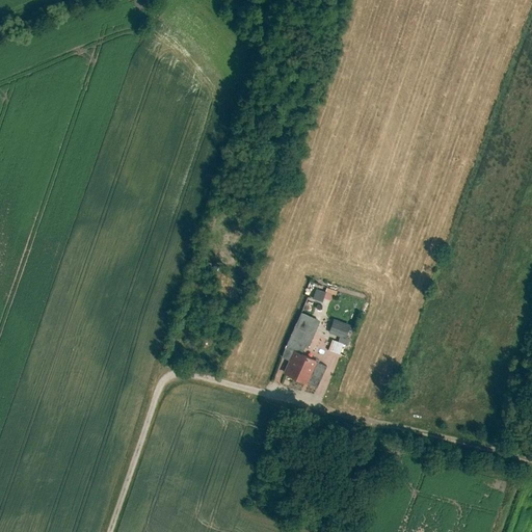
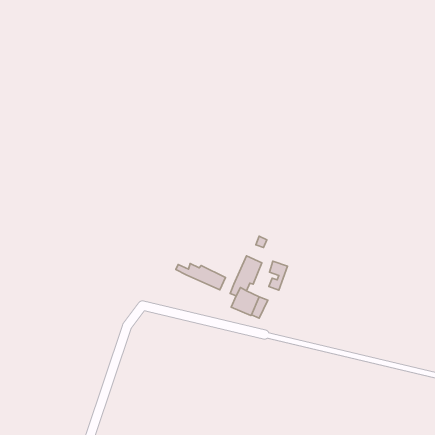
building: none -> [176,264,225,290]

